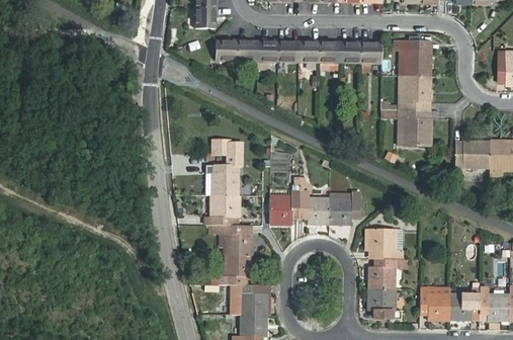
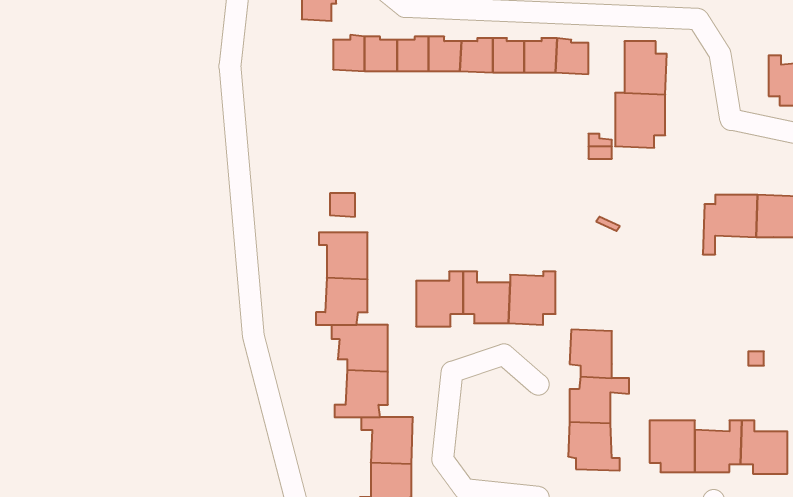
building: [397,109,429,145] -> none

